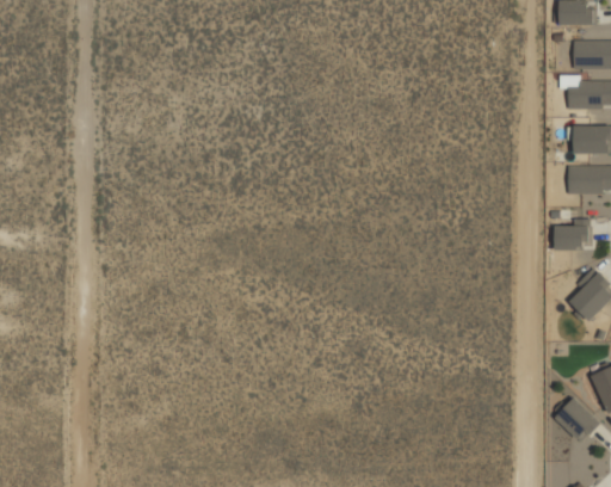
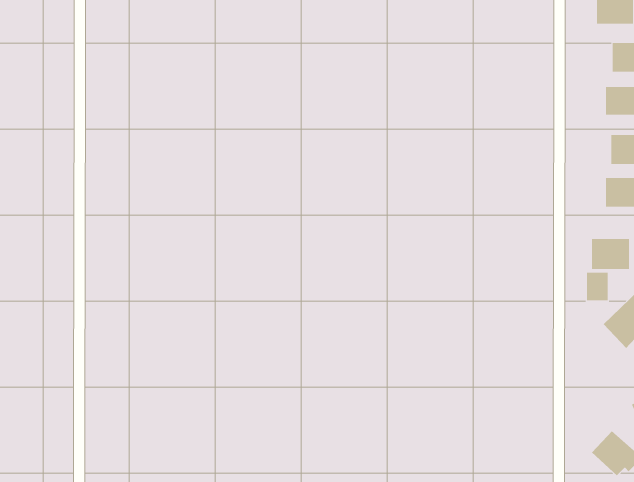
building: none -> [586,272,608,301]

